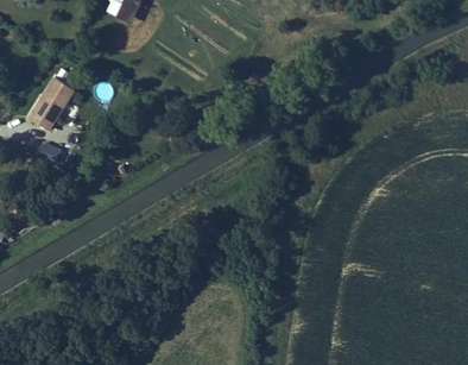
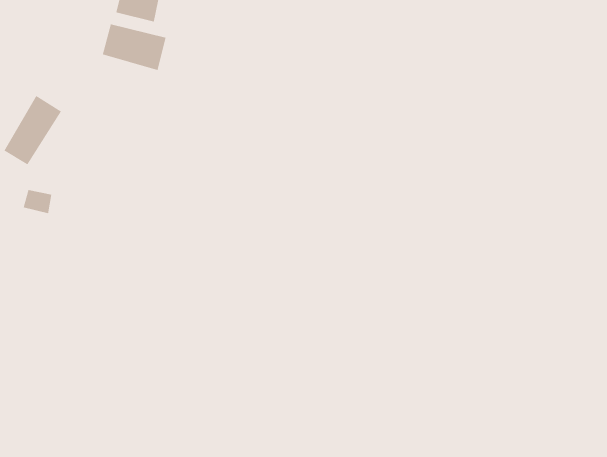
building: none -> [102,24,166,71]

